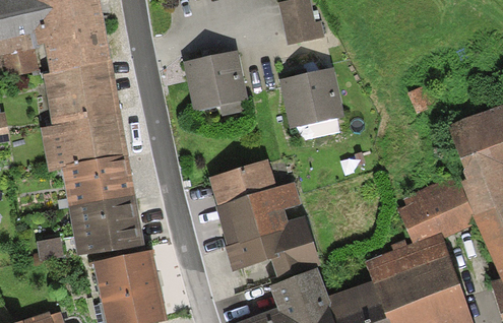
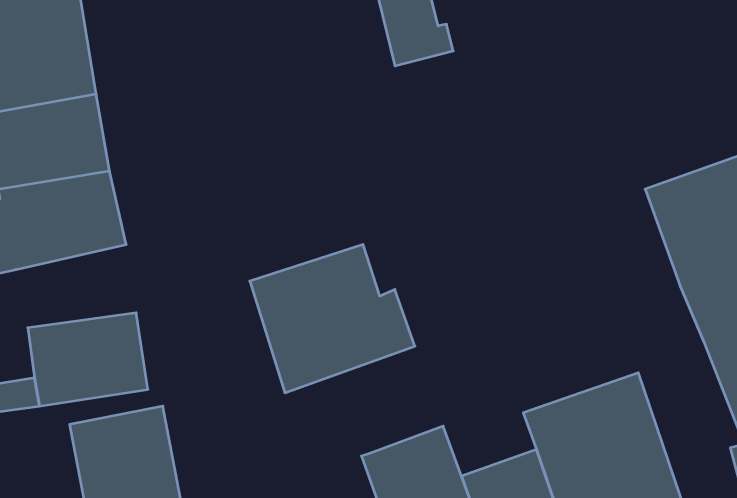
building: [185,50,251,115] -> none
building: [280,67,345,128] -> none
building: [60,153,133,204] -> none
building: [399,179,479,239] -> none
building: [224,215,320,280] -> none

